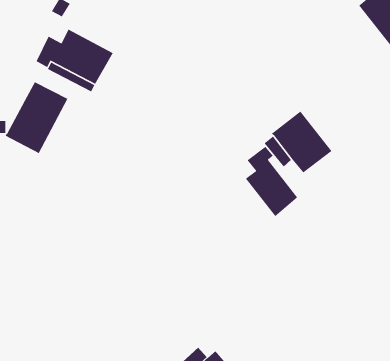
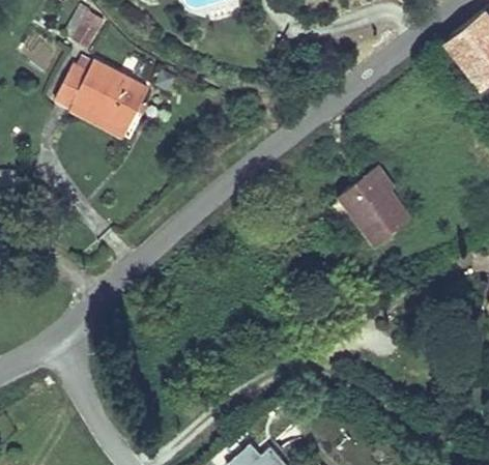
building: [4,81,68,154] -> none
building: [245,146,298,217] -> none

